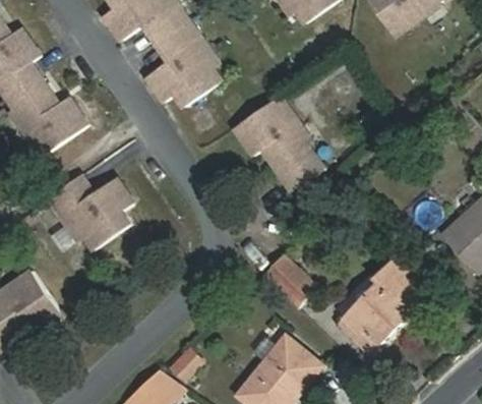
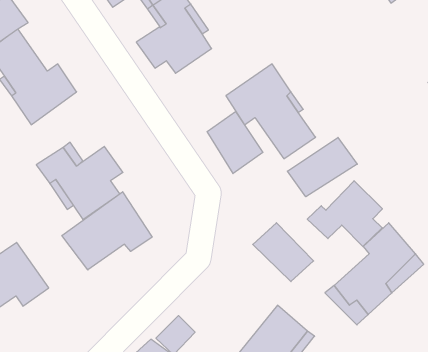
building: none -> [207,111,263,174]
building: none -> [287,137,357,197]
building: none -> [307,181,382,247]
building: none -> [62,192,152,270]

